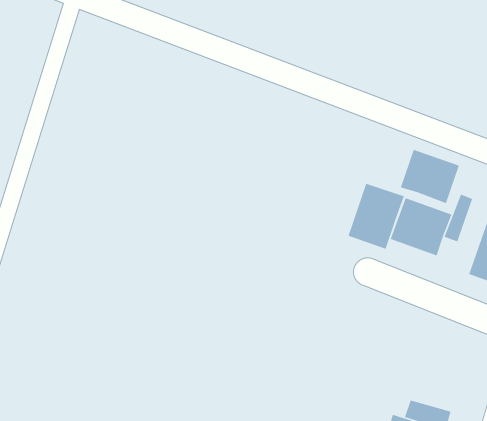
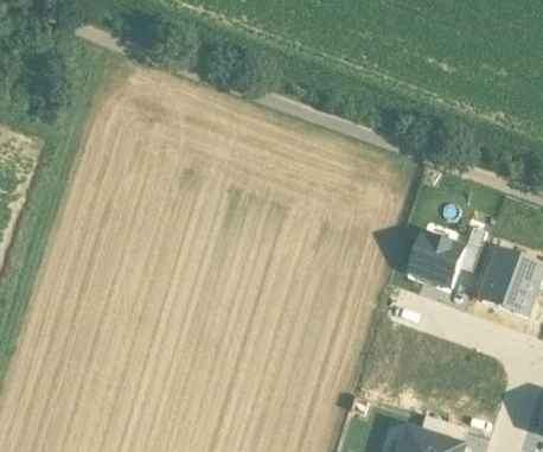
building: [400,149,460,204] -> none
building: [347,182,405,250] -> none

